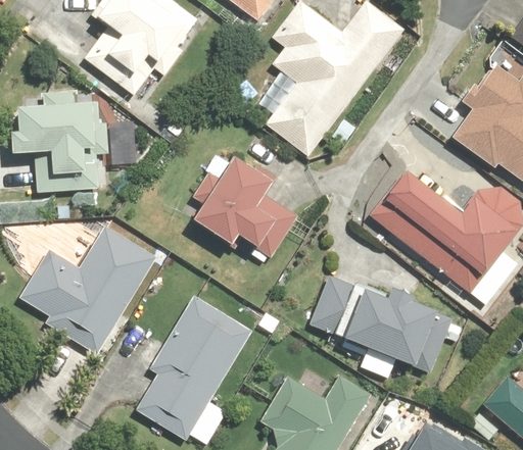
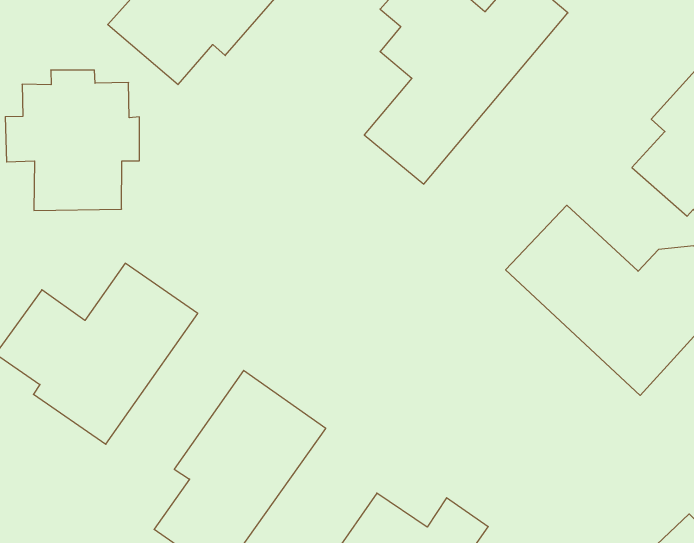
building: [192,153,297,259] -> none
building: [310,269,453,370] -> none

